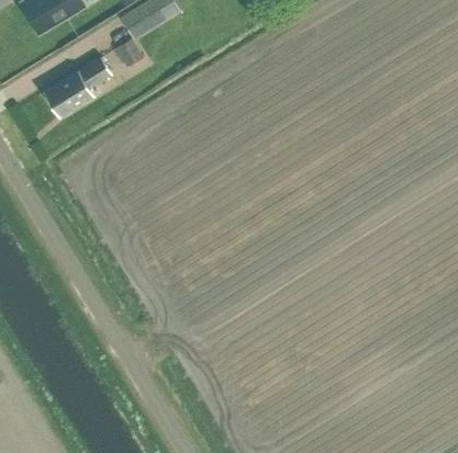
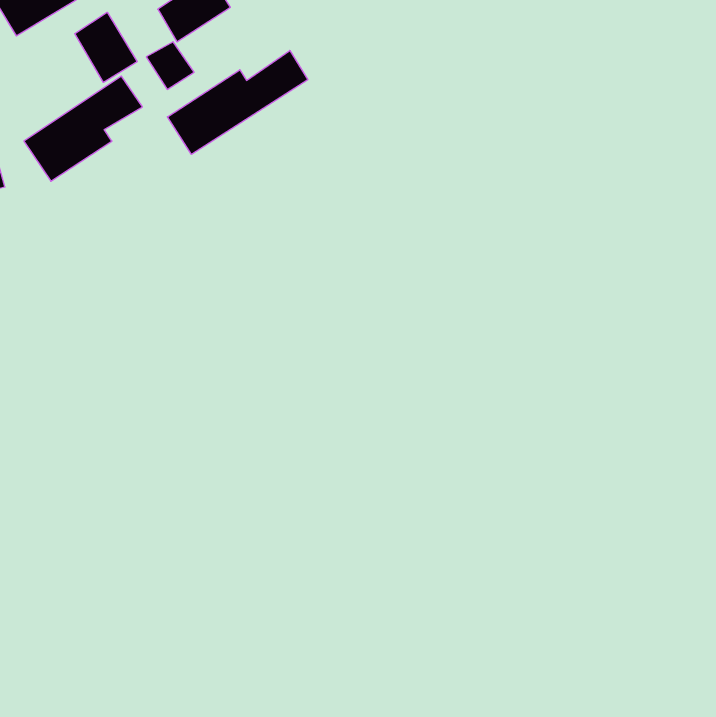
building: none -> [75,12,137,82]
building: none -> [167,50,308,154]

